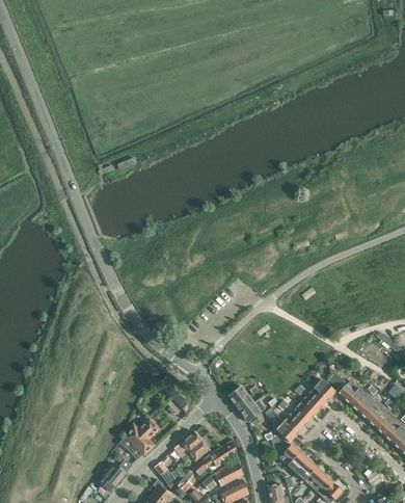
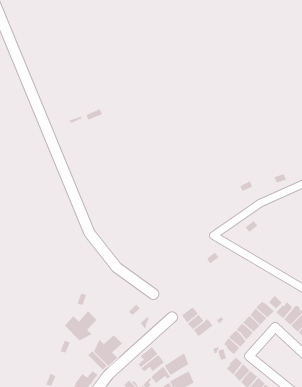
building: none -> [64,311,97,341]

